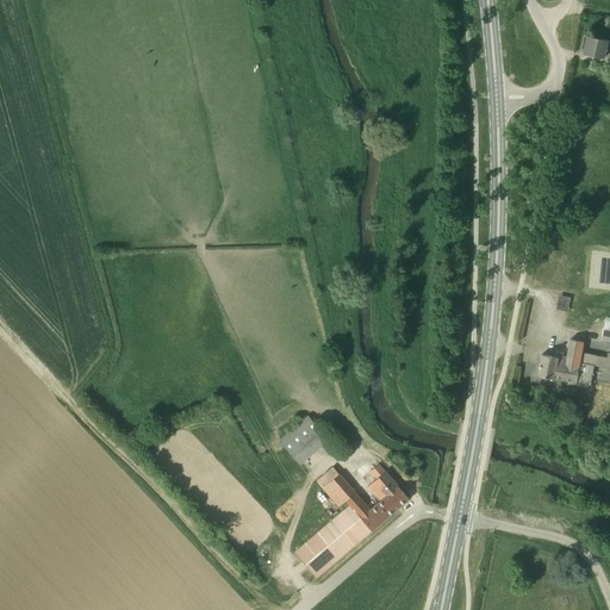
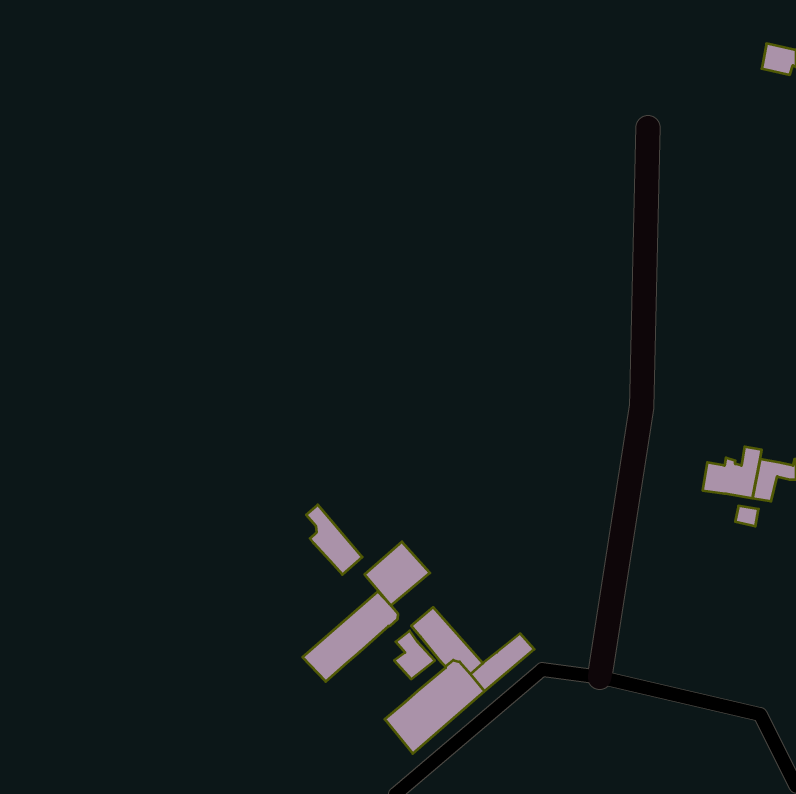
building: none -> [306,505,362,575]
building: none -> [303,592,398,682]
building: [367,462,398,499] -> [394,631,435,679]

